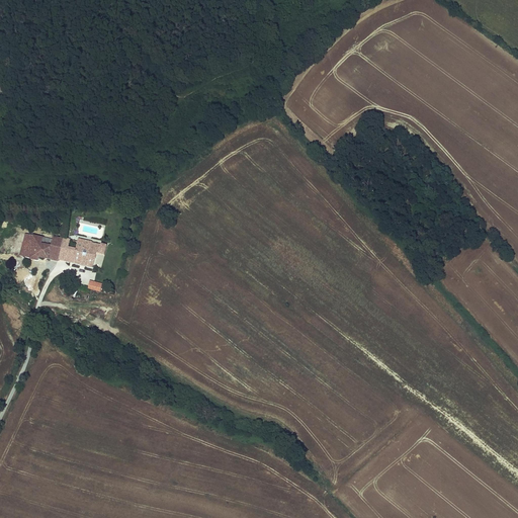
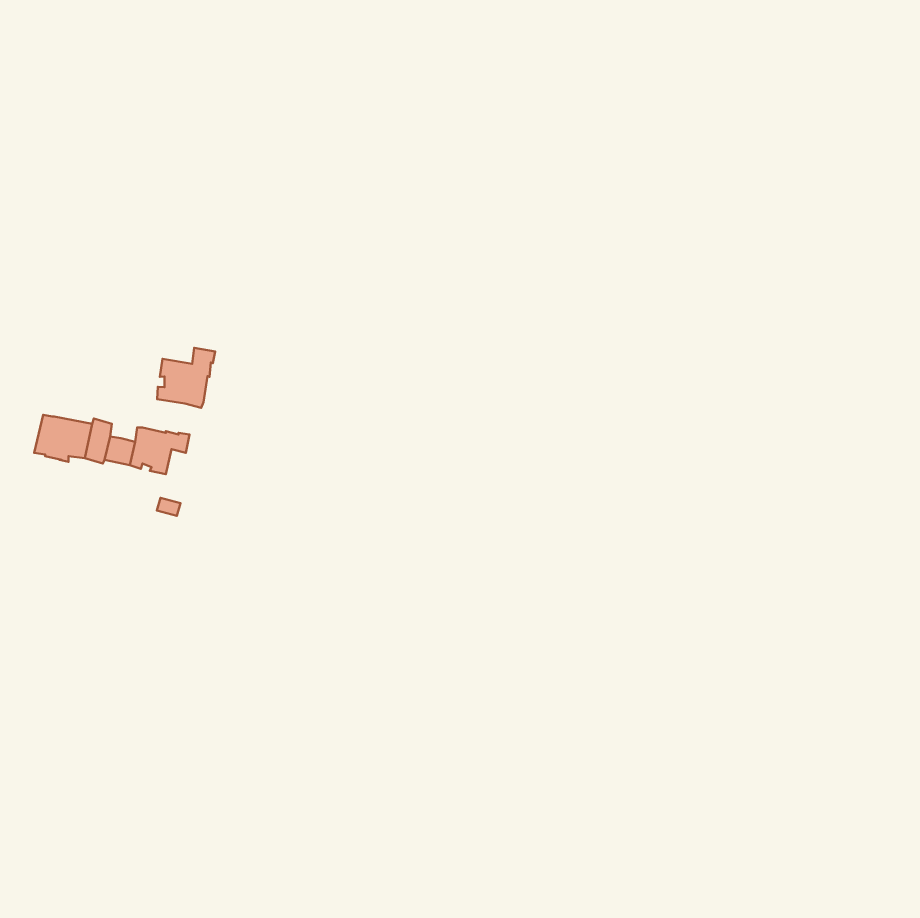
building: none -> [157,348,215,408]

